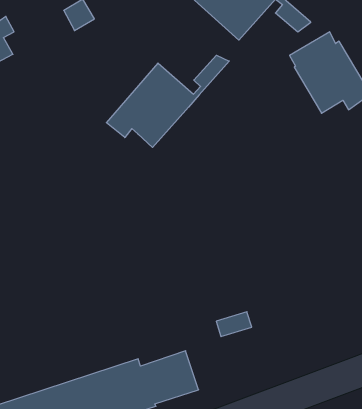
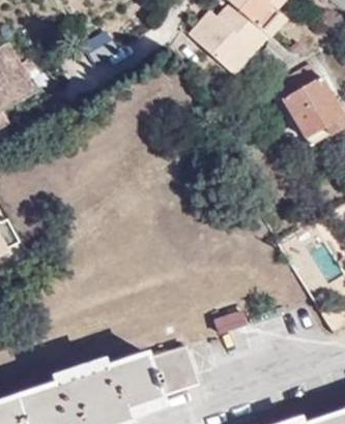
building: [106,55,229,147] -> none

